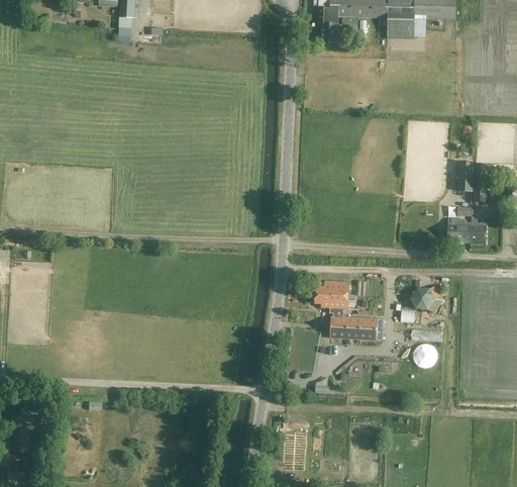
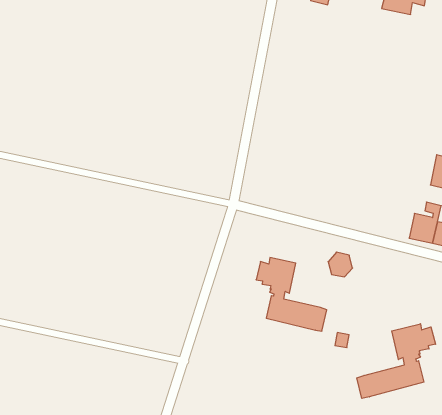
building: [411,286,434,307] -> [328,252,353,277]
building: none -> [357,324,436,398]

